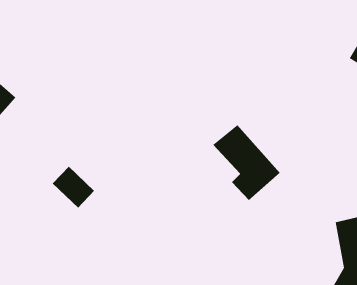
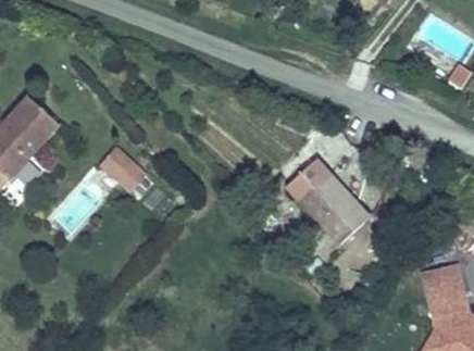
building: [52,166,95,209] -> [97,145,147,195]

